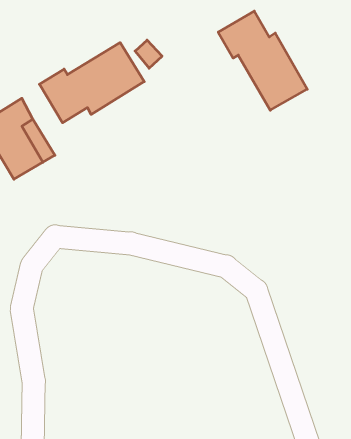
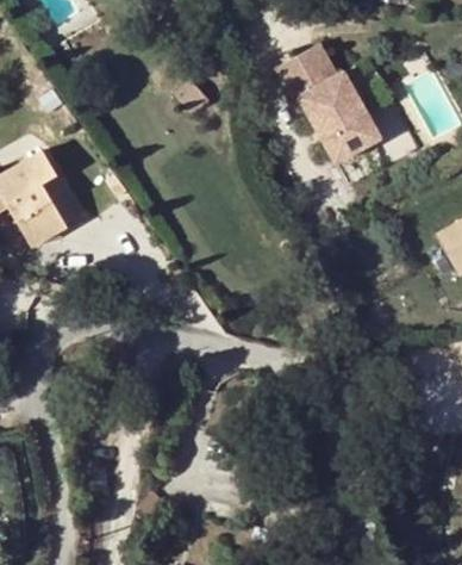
building: [39,43,144,123] -> none

